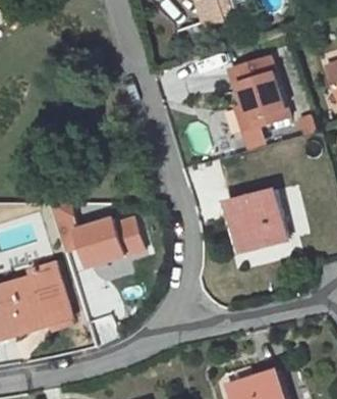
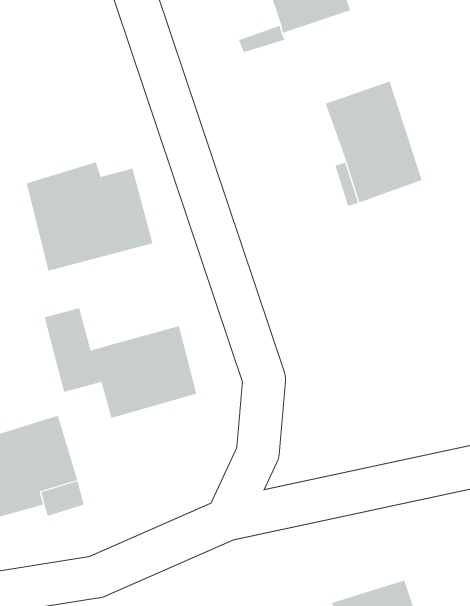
building: none -> [26,161,153,271]
building: [226,188,289,249] -> none

